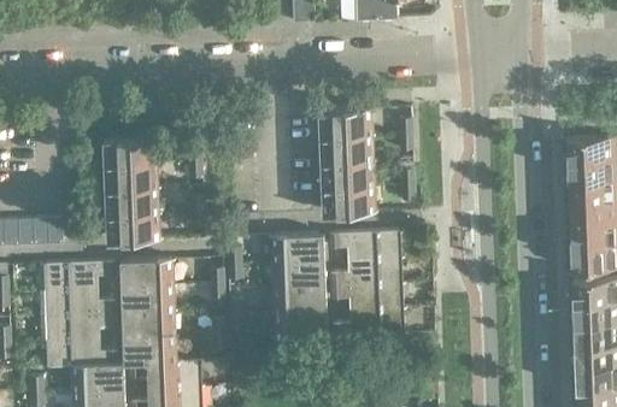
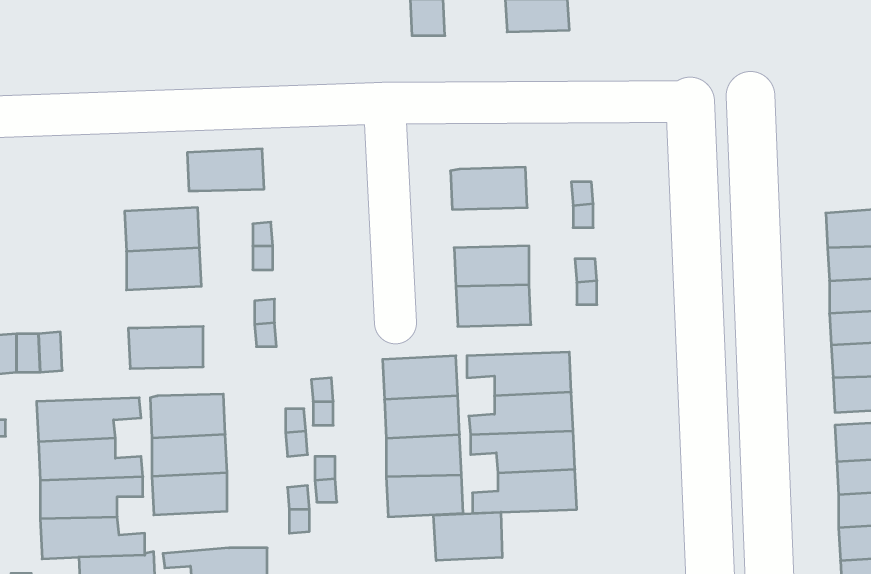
building: [319,138,370,165] -> none
building: [105,190,155,218] -> [187,149,264,191]
building: [123,338,172,367] -> none
building: none -> [433,512,502,561]

